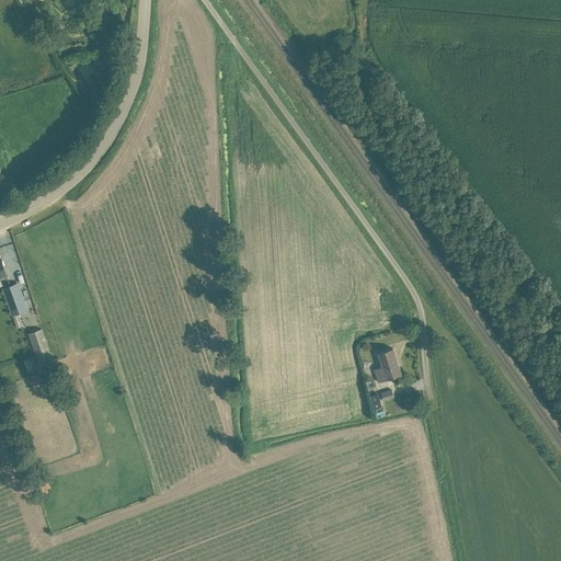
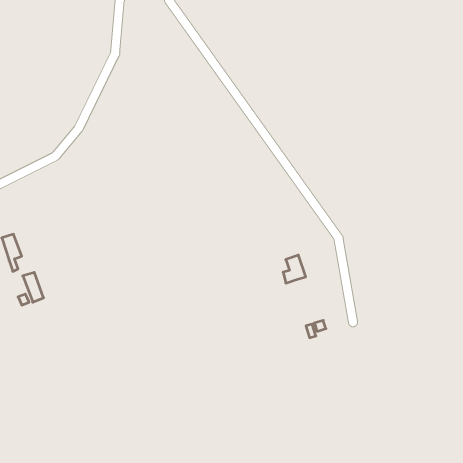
building: [374,348,401,382] -> [283,255,306,283]

